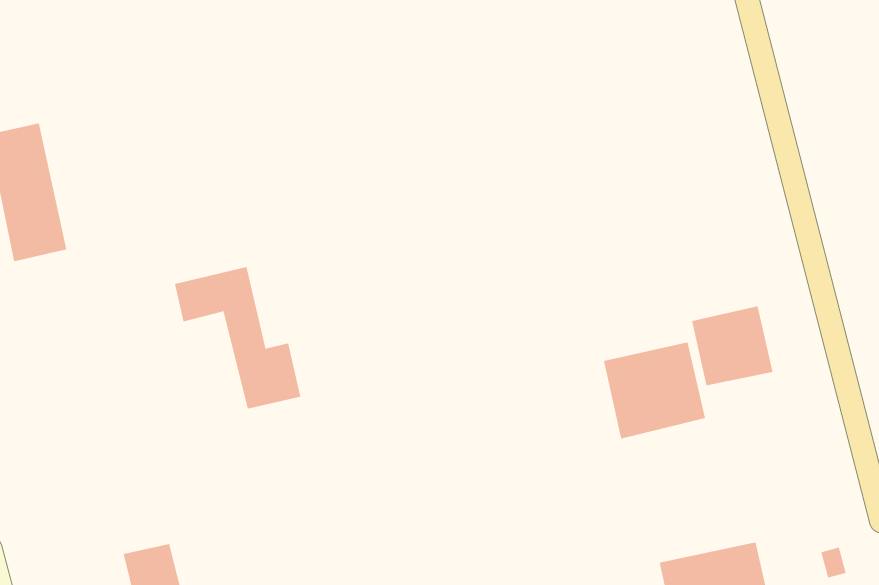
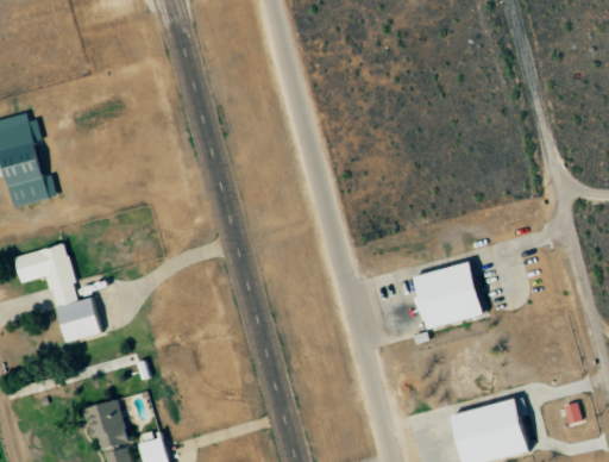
building: [174,266,301,409] -> [14,244,101,342]
building: [692,305,773,386] -> none

